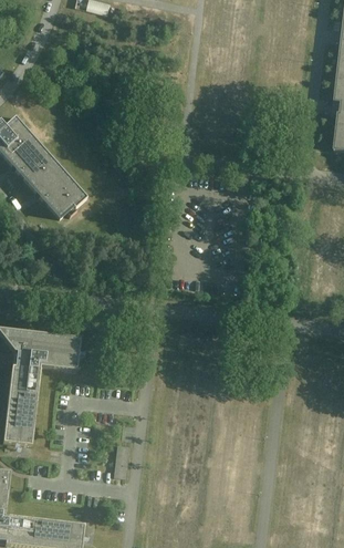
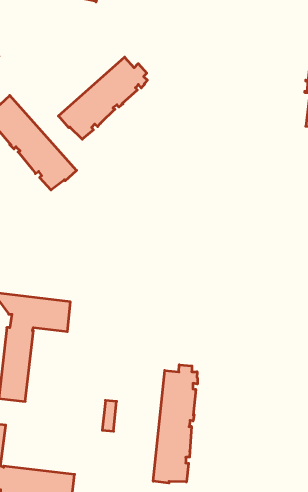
building: none -> [58,57,147,139]
building: none -> [153,365,198,483]

